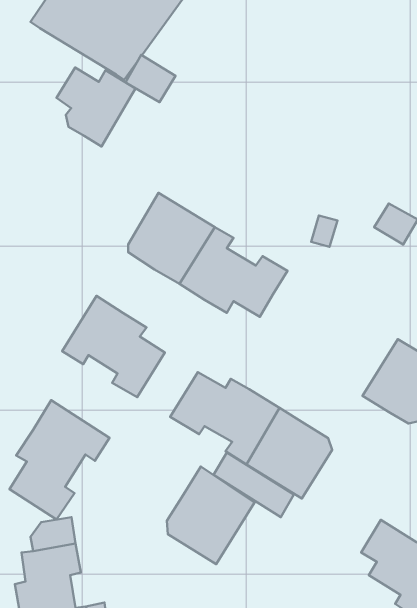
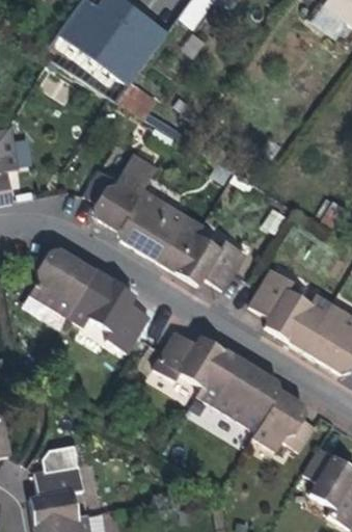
building: [57,67,136,147] -> [85,168,147,231]
building: none -> [32,248,96,315]
building: none -> [250,268,333,350]
building: [9,400,110,520] -> none
building: none -> [254,393,317,451]
building: [167,466,255,564] -> none

